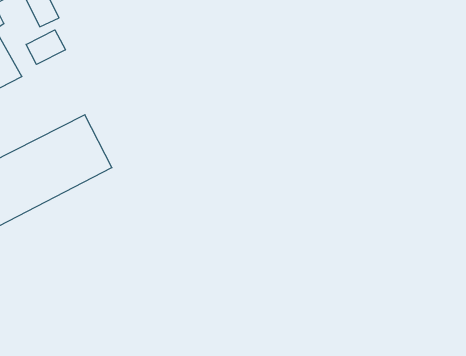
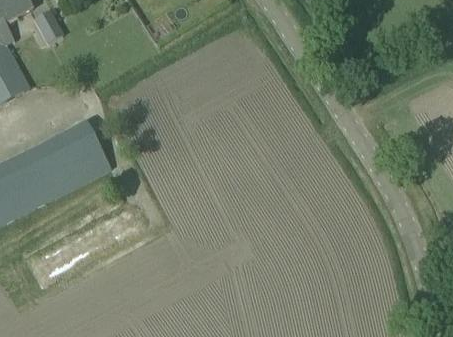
building: [26,30,65,64] -> none

